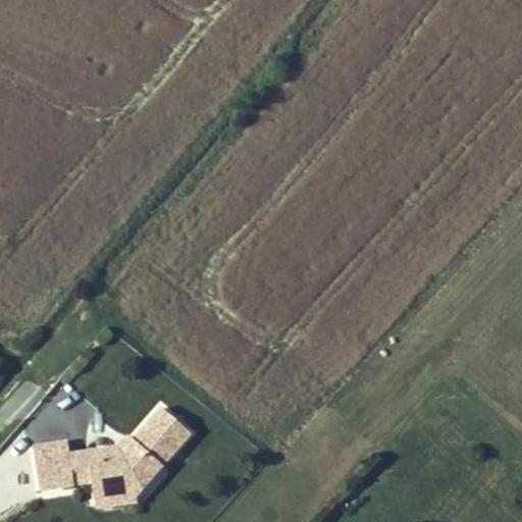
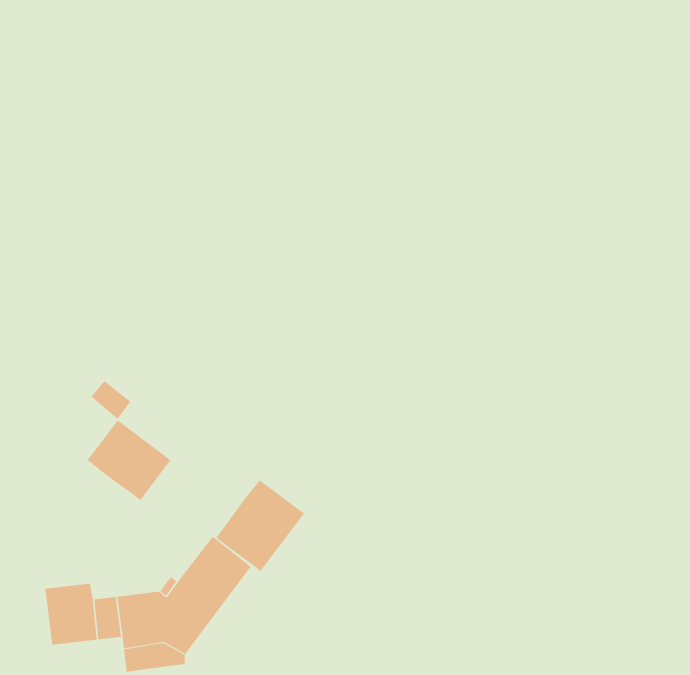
building: none -> [87,419,171,501]
building: none -> [216,479,305,572]

